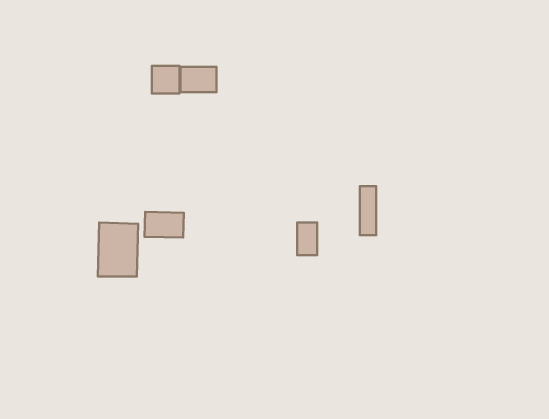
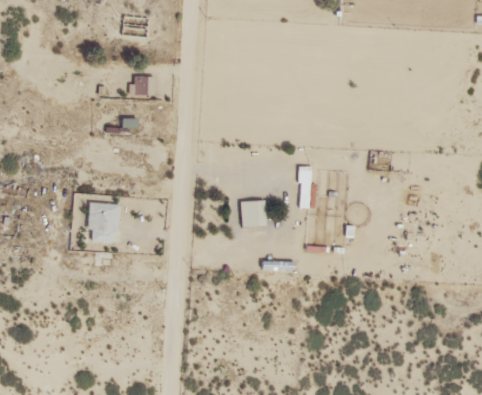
building: [180,67,216,92] -> none
building: [145,212,184,238] -> none

